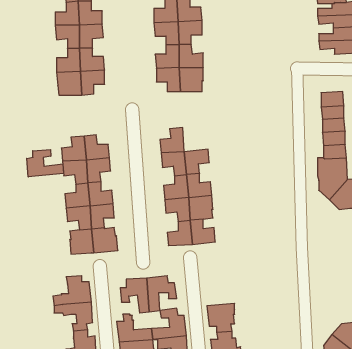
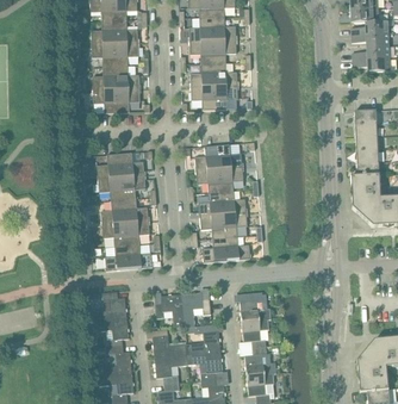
building: none -> [217,142,242,168]
building: [27,150,64,177] -> none
building: none -> [240,291,270,321]

